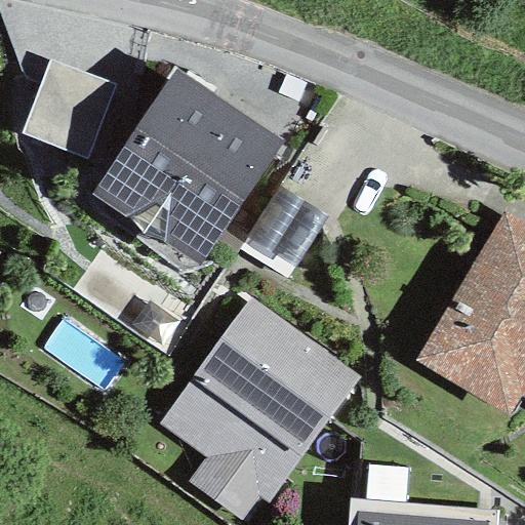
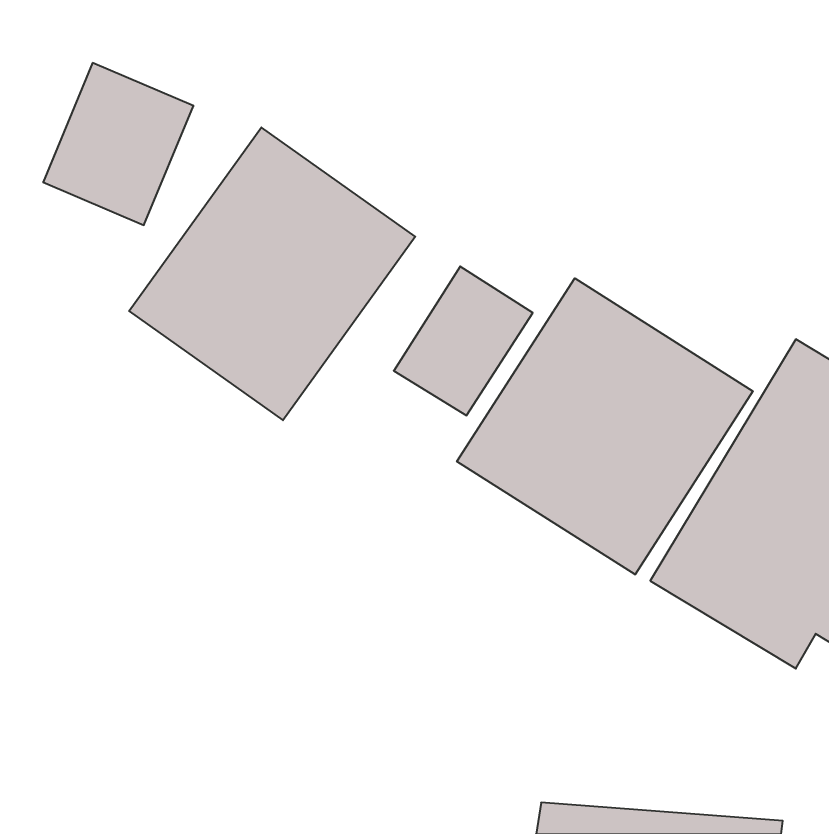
building: none -> [457,278,753,575]
building: [161,302,359,503] -> none

